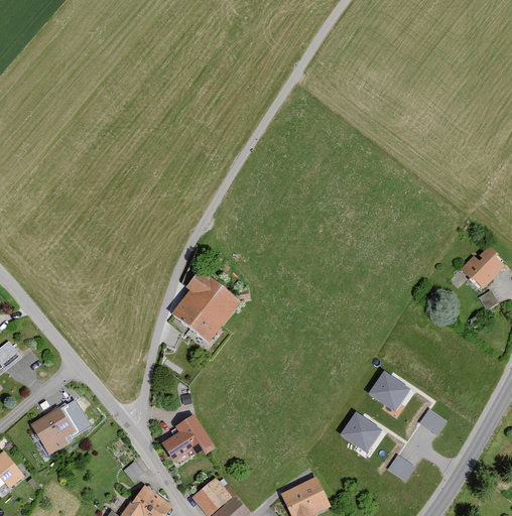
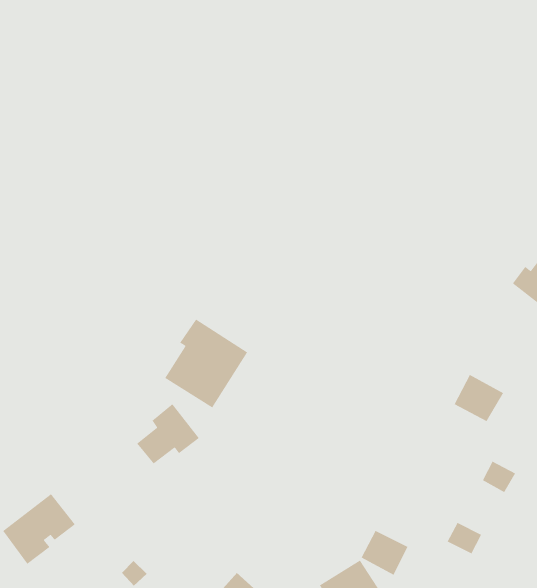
building: [368,371,409,411] -> [454,374,504,422]
building: [341,413,380,452] -> [361,530,408,576]
building: [161,414,213,462] -> [136,403,200,464]

